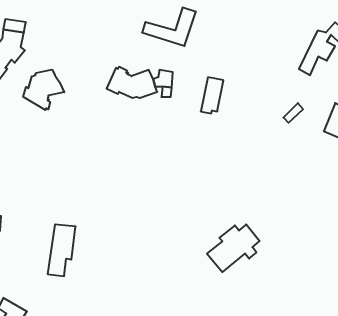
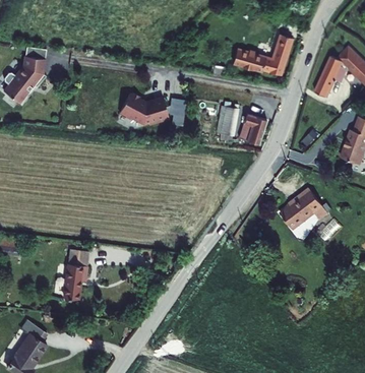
building: [142,8,196,46] -> [240,36,293,73]
building: [23,70,64,110] -> none
building: none -> [242,115,267,139]
building: [207,224,260,272] -> [273,187,325,234]

